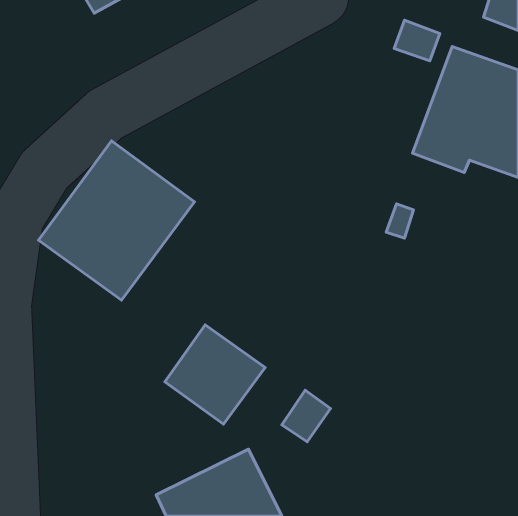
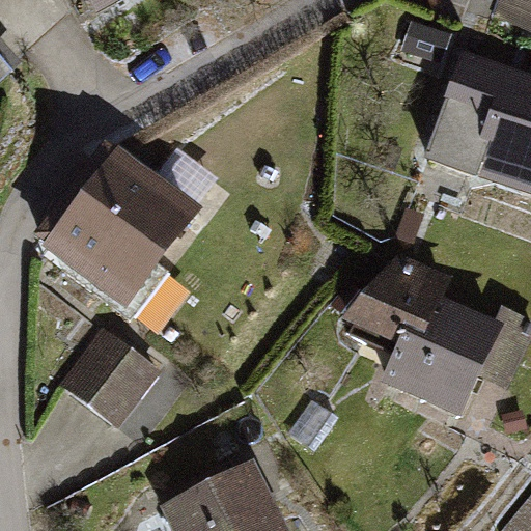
building: none -> [366,262,512,420]
building: [165,325,265,424] -> [60,328,163,429]

